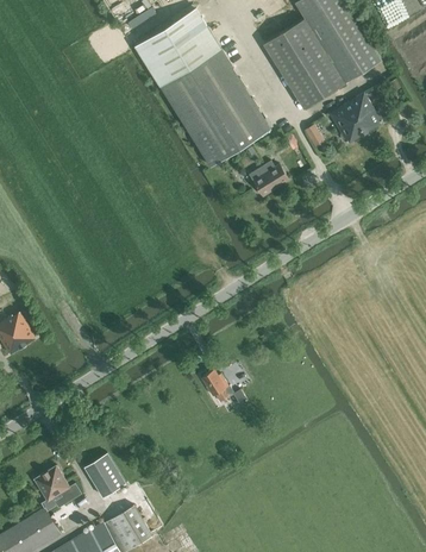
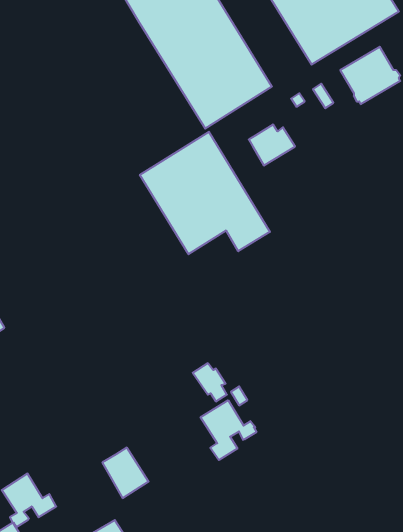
building: none -> [140,132,270,254]
building: none -> [201,400,256,460]
building: [84,454,125,498] -> [102,448,149,498]

